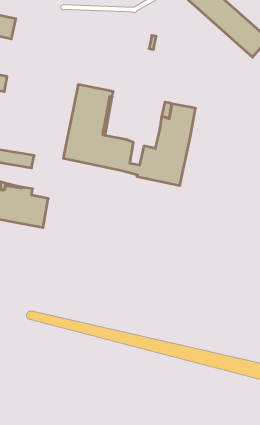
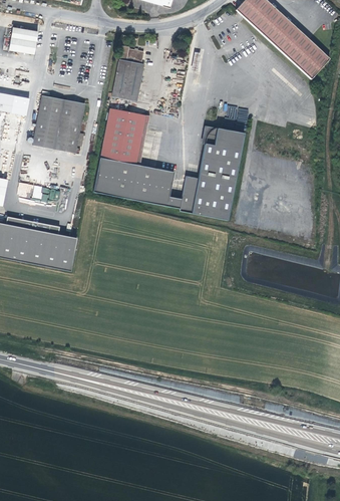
building: none -> [112,43,144,101]
building: none -> [32,93,85,153]

